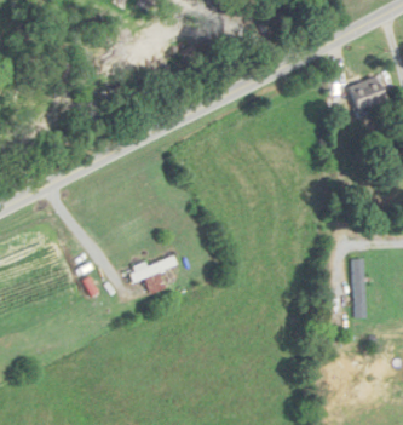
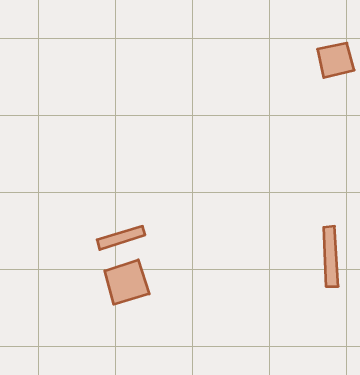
building: none -> [105,260,149,304]

